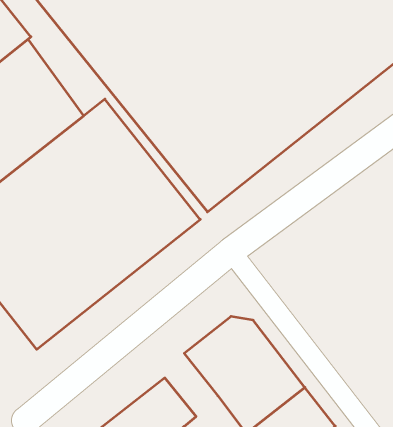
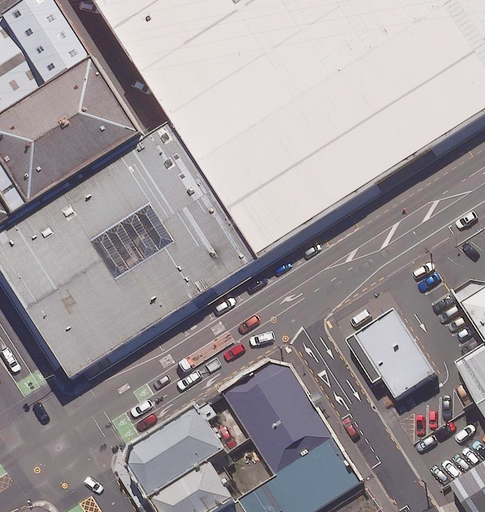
building: none -> [343,309,432,399]

